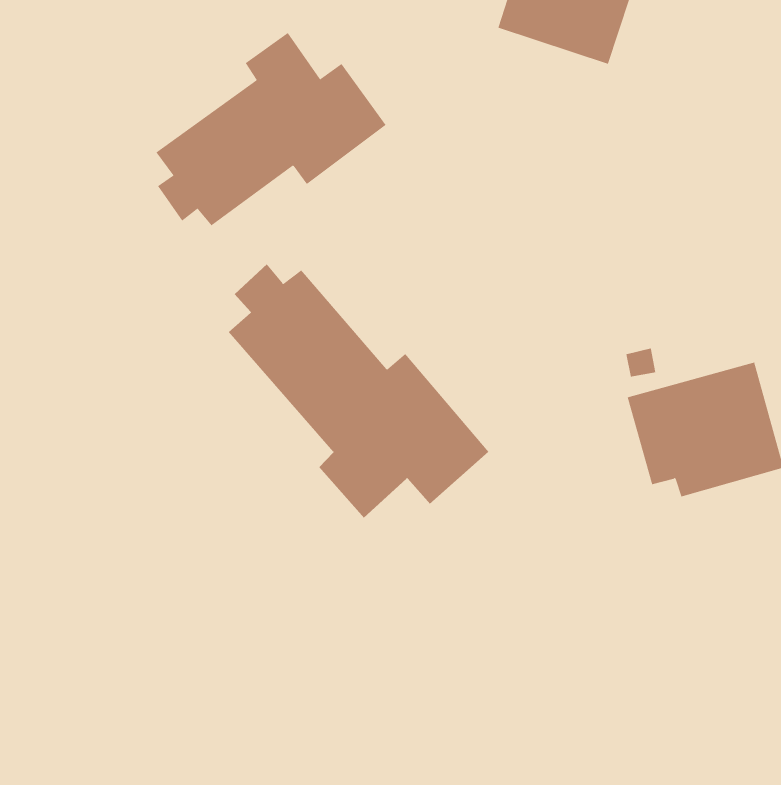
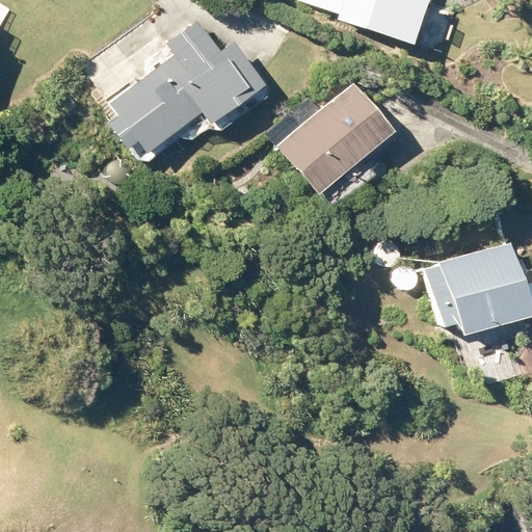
building: none -> [266,83,395,195]
building: [228,263,489,519] -> none

